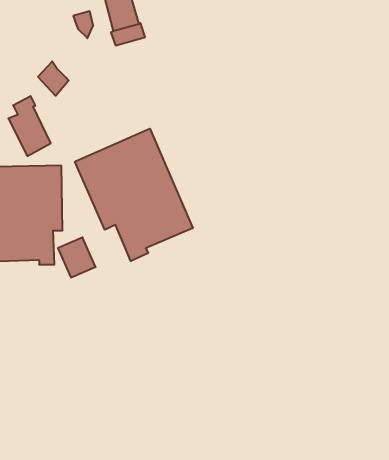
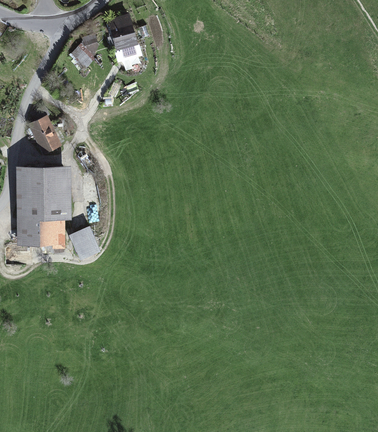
building: [38,61,69,96] -> [69,43,95,72]
building: [75,129,193,261] -> none

